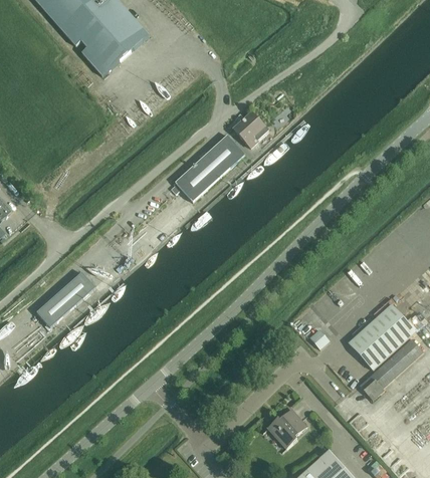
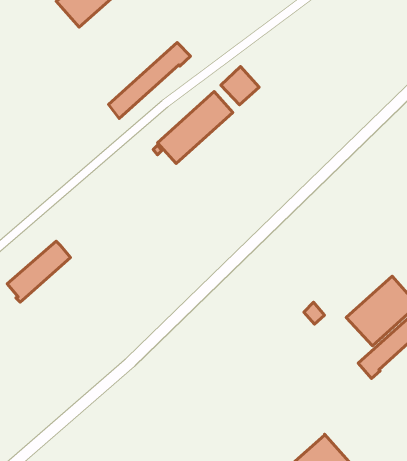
building: none -> [108,43,190,118]
building: [267,408,306,448] -> none

